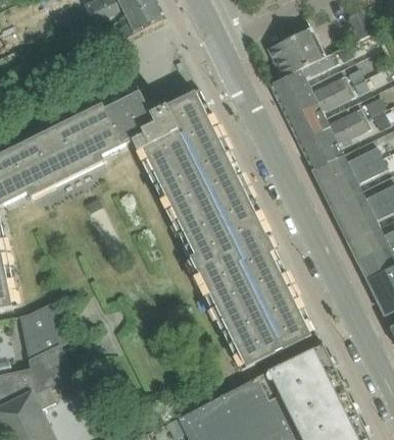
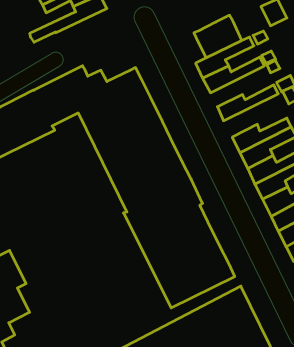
building: [286,87,354,134] -> none
building: [301,119,370,170] -> none

